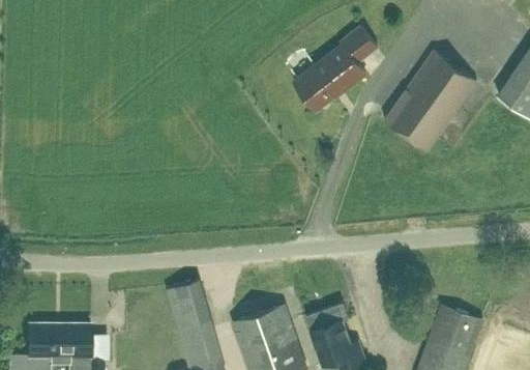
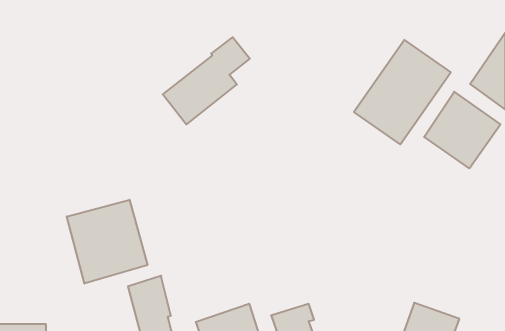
building: [293,27,377,111] -> [163,37,250,124]
building: none -> [424,92,500,168]
building: none -> [67,200,147,284]

